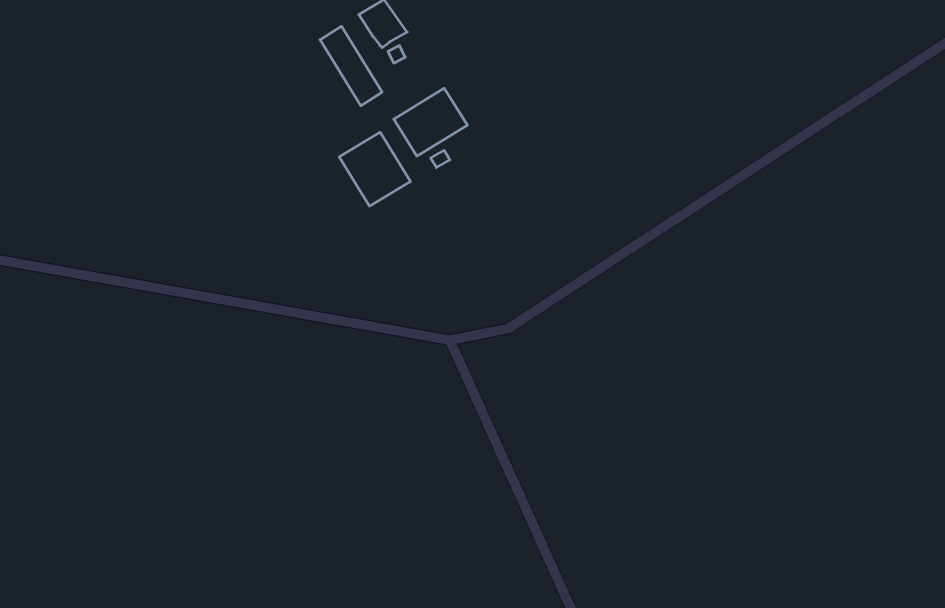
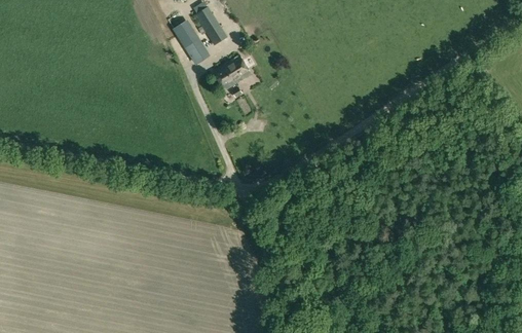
building: [339,132,410,206] -> none

